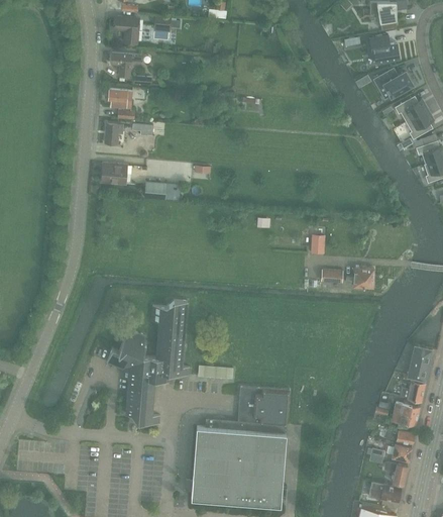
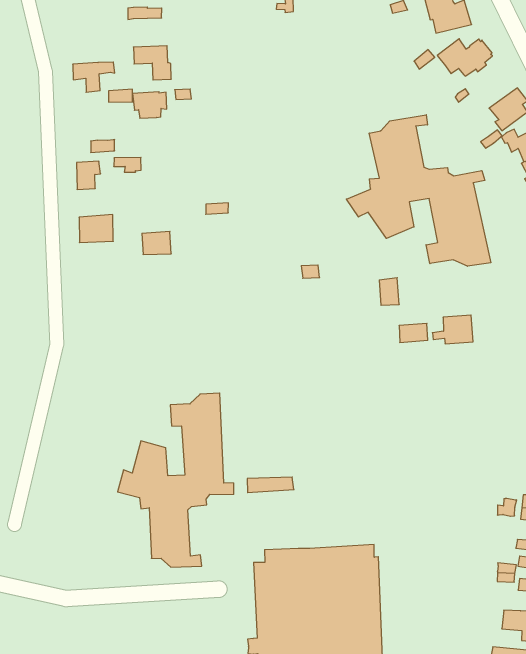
building: [113,17,139,43] -> [133,46,171,80]
building: [108,89,132,108] -> [132,92,167,118]
building: [395,96,428,122] -> none
building: none -> [346,115,491,266]
building: [238,387,289,425] -> none

